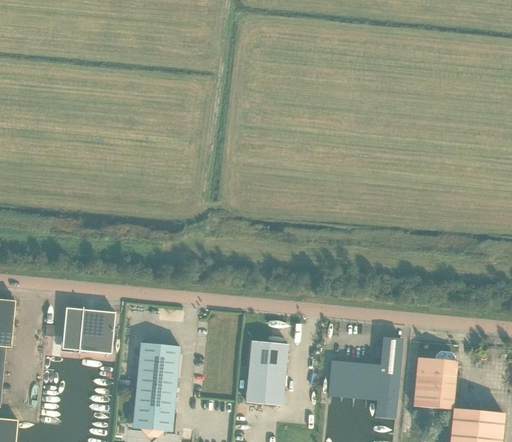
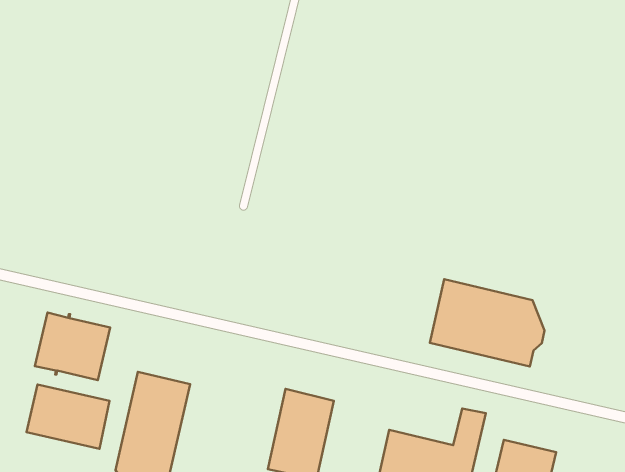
building: none -> [430,279,545,366]
building: none -> [27,385,109,449]

